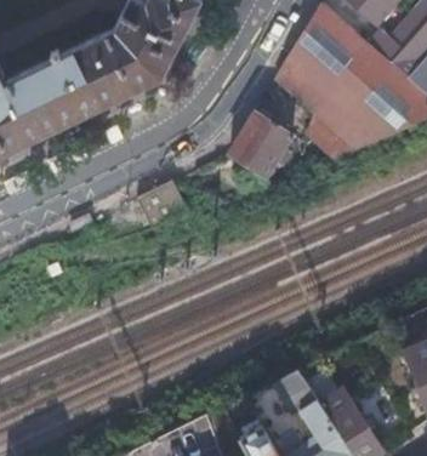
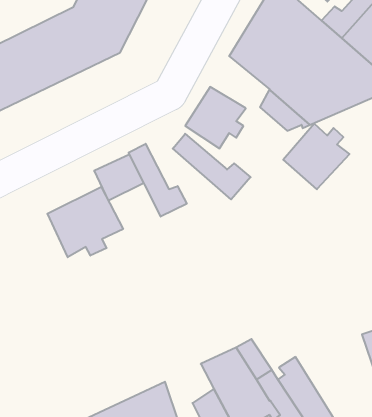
building: none -> [283,124,349,189]
building: none -> [173,134,251,199]
building: none -> [129,144,187,217]
building: none -> [47,187,123,257]

